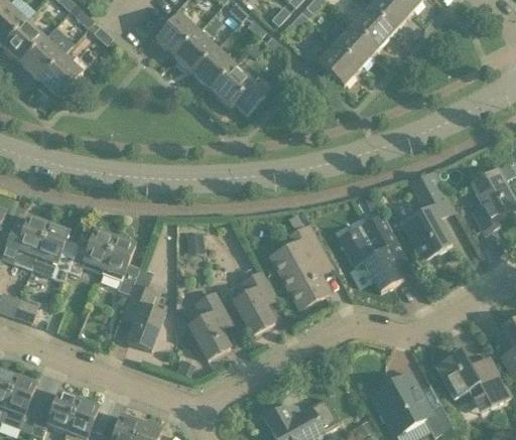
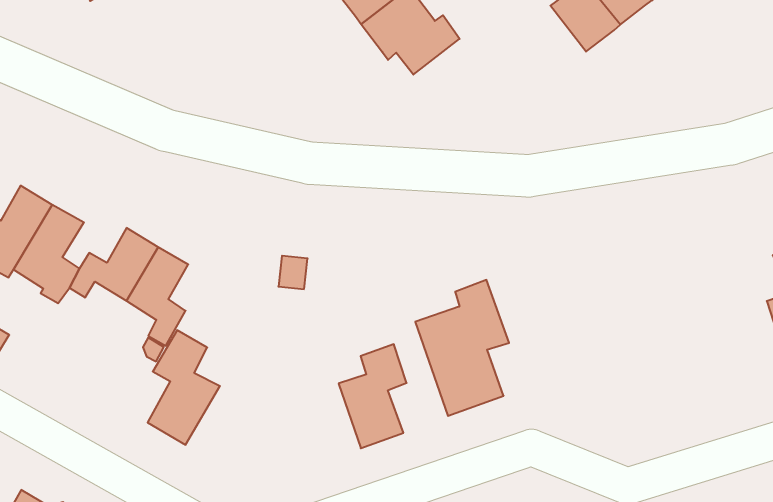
building: [403,171,456,260] -> none
building: [339,211,405,290] -> none
building: [189,292,232,358] -> none

